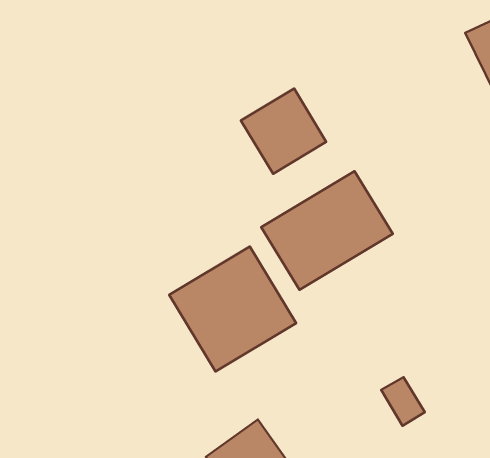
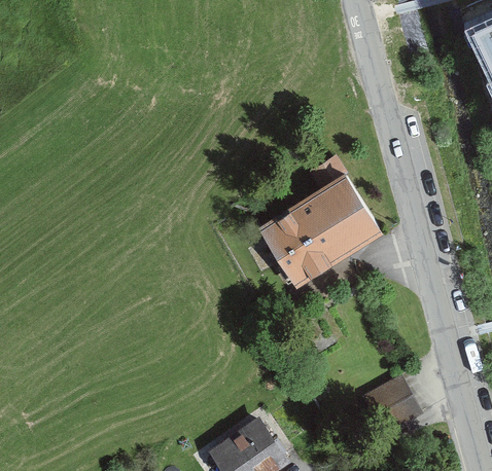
building: [241,88,326,174] -> none
building: [169,247,296,371] -> none

